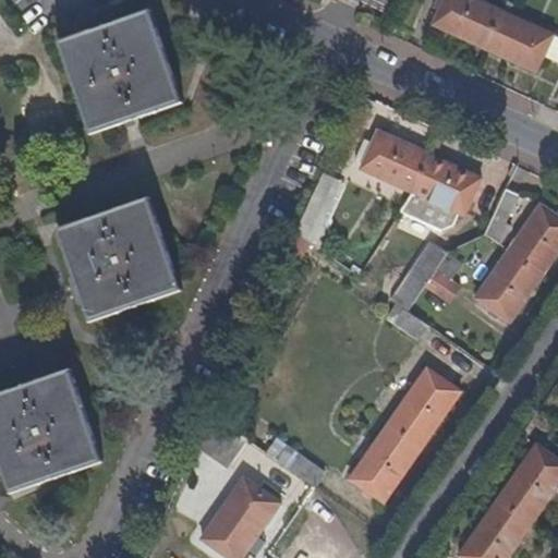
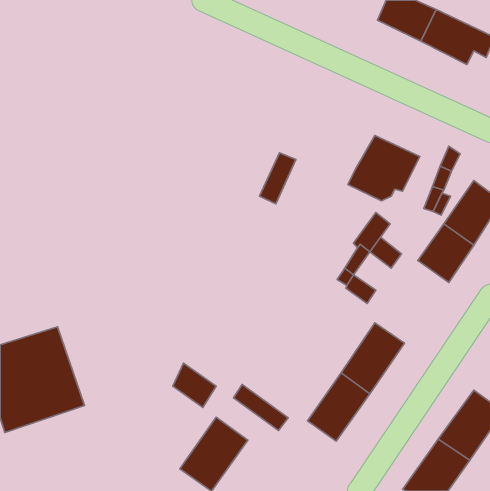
building: [65,7,190,131] -> none
building: [355,137,426,192] -> none
building: [52,198,178,324] -> none

